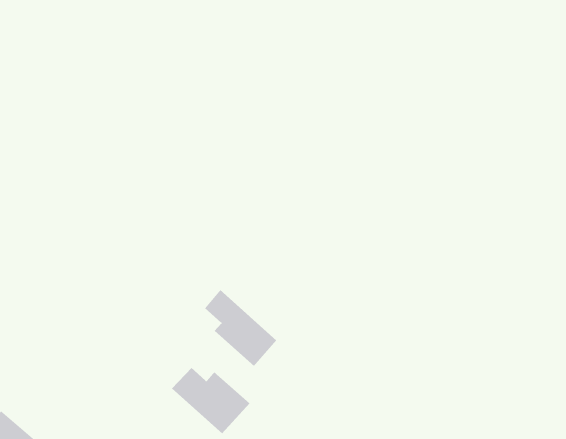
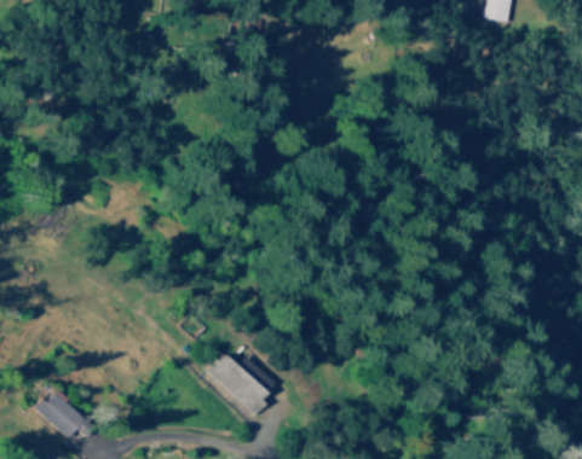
building: [204,289,277,367] -> none

